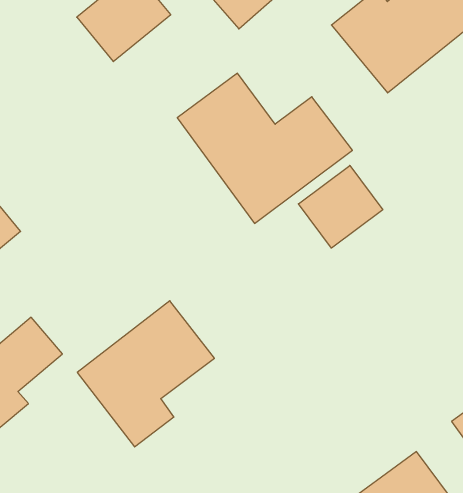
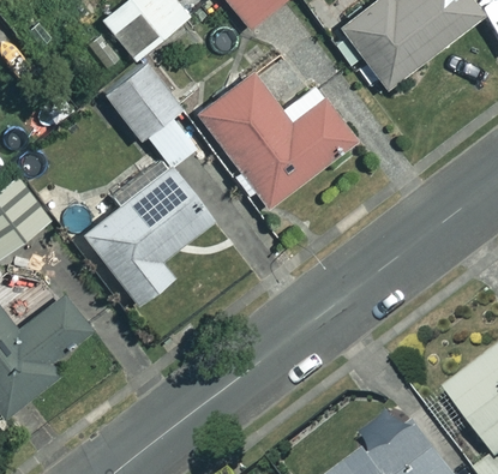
building: none -> [104,61,199,168]
building: [298,165,383,248] -> none
building: [77,301,214,447] -> [84,170,210,305]

